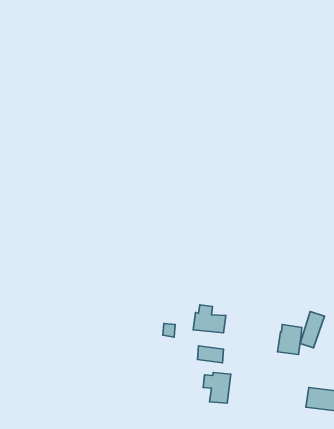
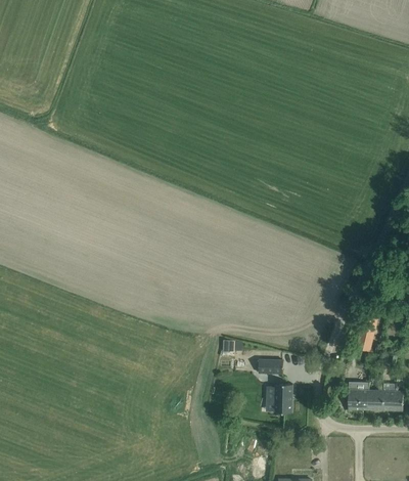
building: [193,305,226,333] -> none
building: [278,325,302,355] -> [347,382,368,409]

